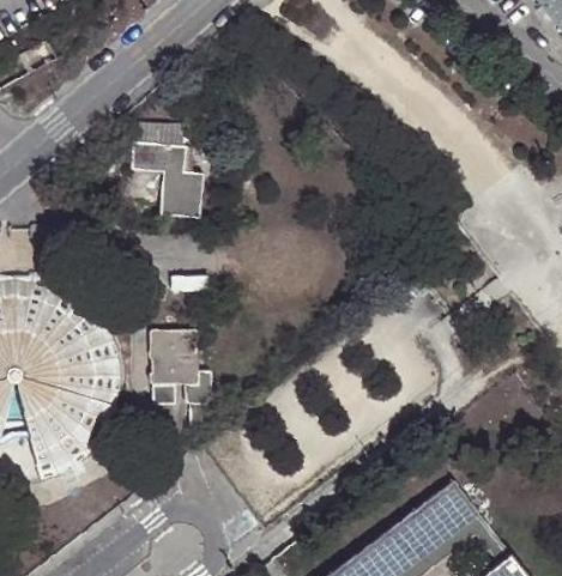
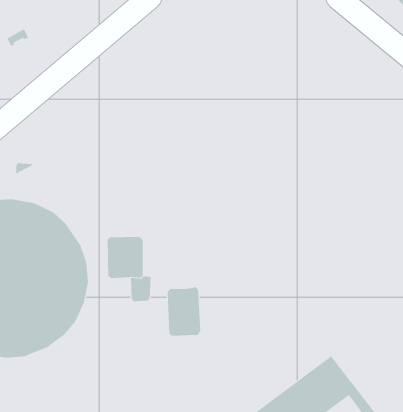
building: [129,121,204,217] -> none
building: none -> [167,287,201,336]

